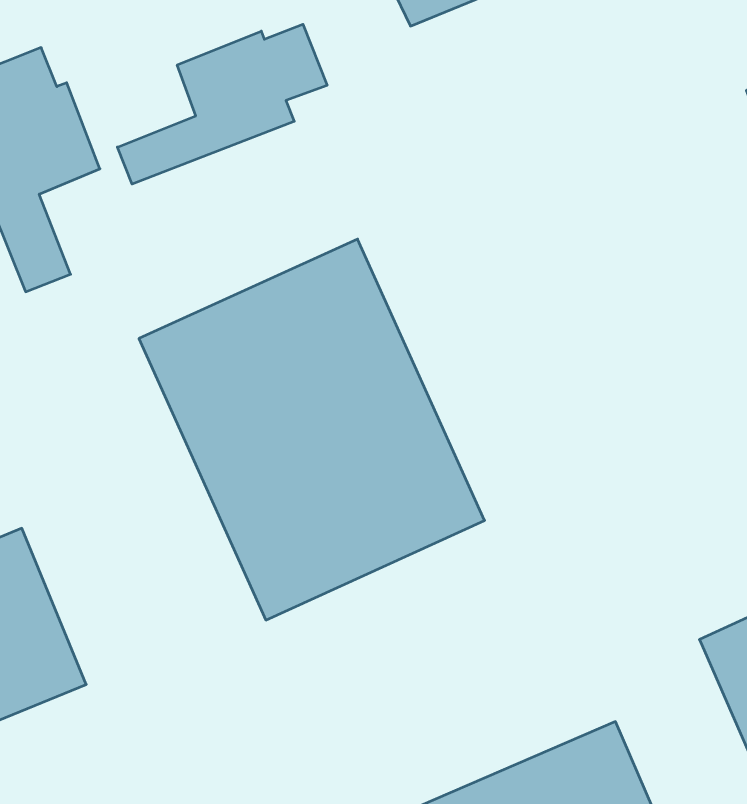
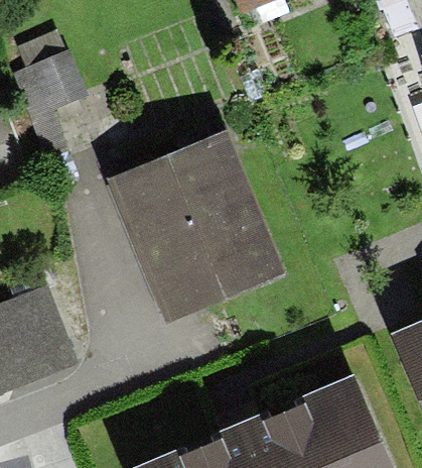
building: [117,24,327,184] -> none

